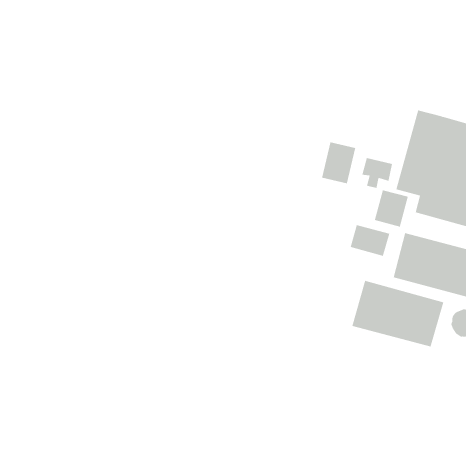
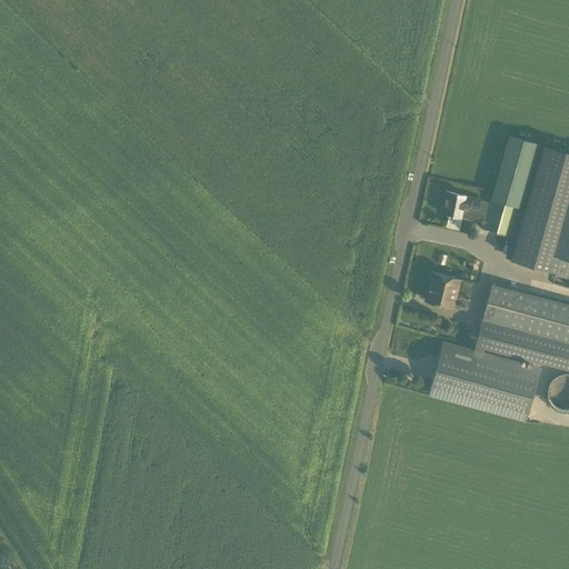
building: [322,142,356,184] -> none
building: [374,189,409,227] -> none

